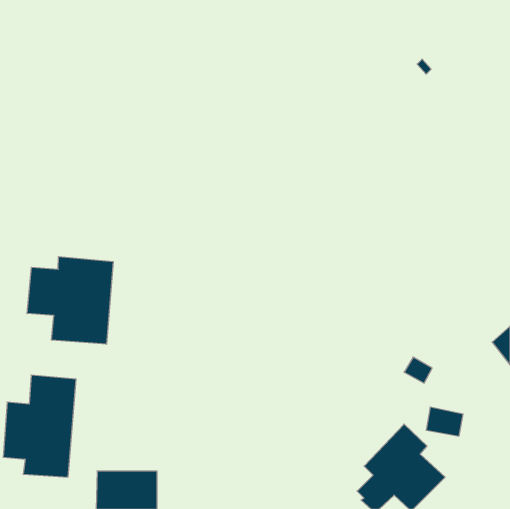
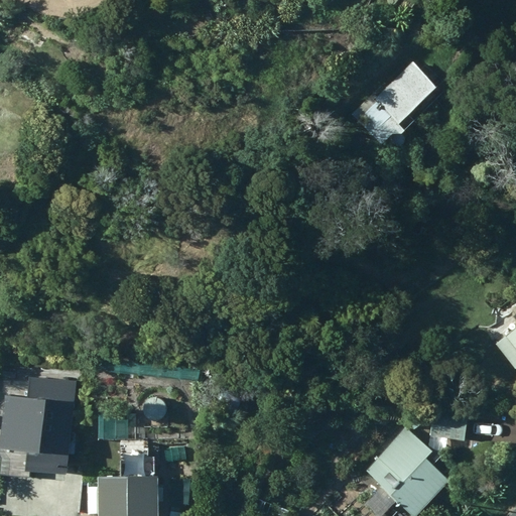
building: none -> [363,60,436,127]
building: [27,257,113,344] -> none

